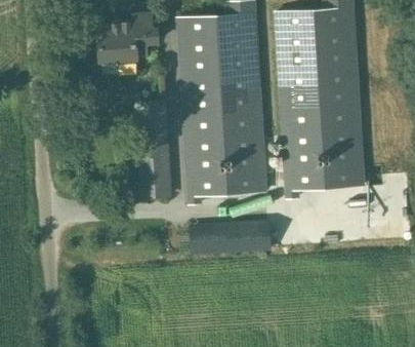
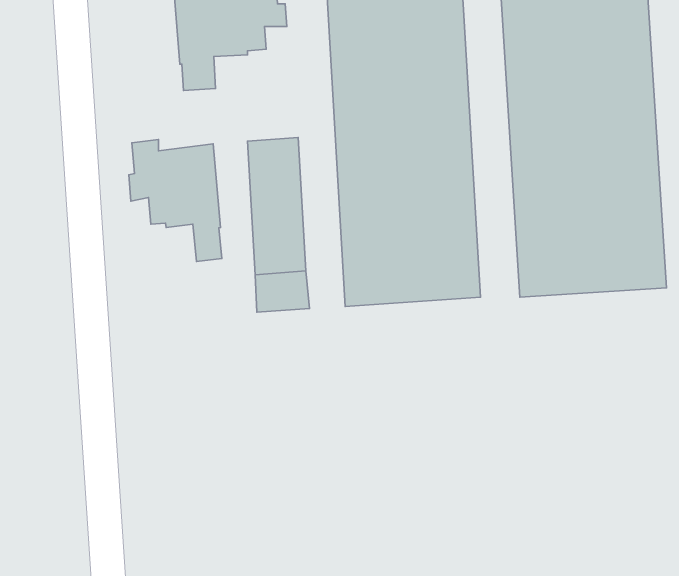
building: none -> [129,139,222,262]
building: [192,224,271,254] -> none

